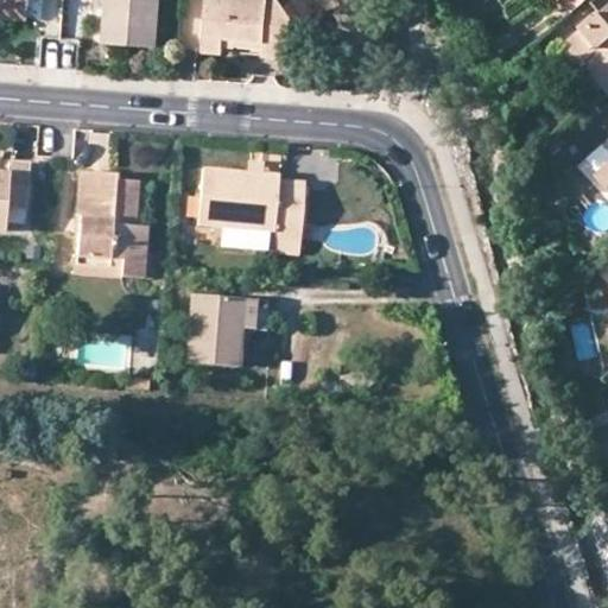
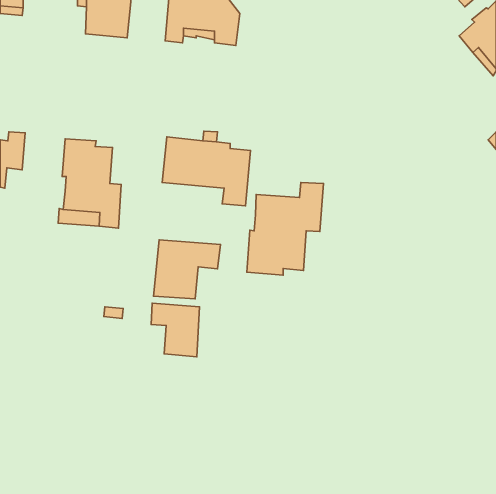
building: none -> [247,182,324,275]
building: none -> [151,303,200,357]

